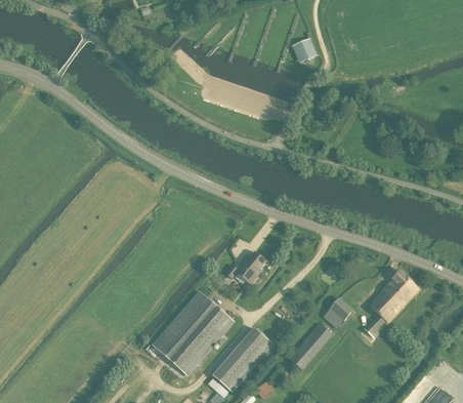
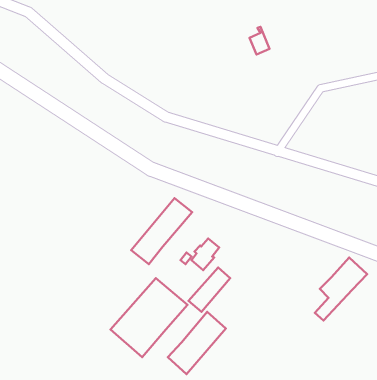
building: none -> [131,198,192,264]
building: [323,298,351,328] -> none
building: [288,323,331,369] -> [189,267,230,312]

